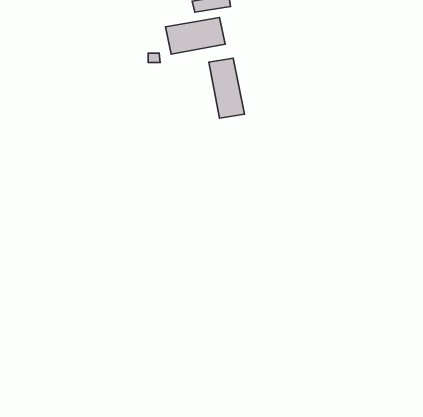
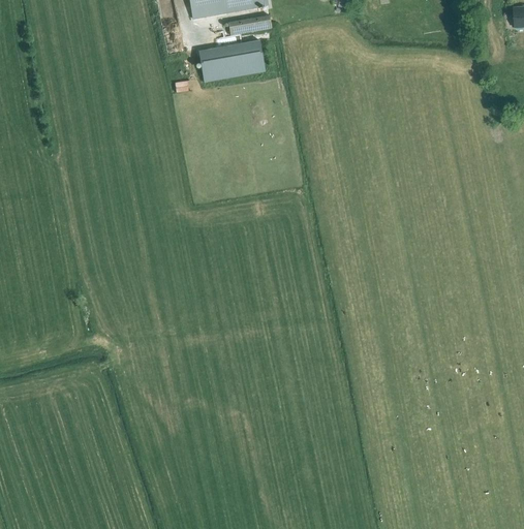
building: [209,58,244,118] -> none

